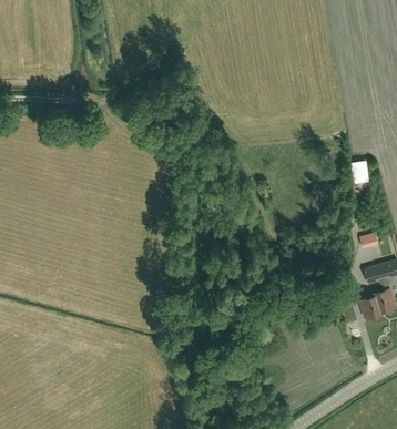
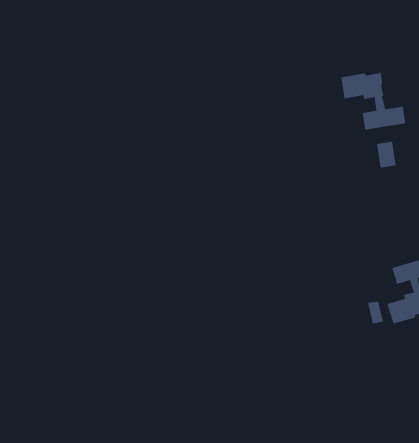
building: none -> [341,72,406,130]

